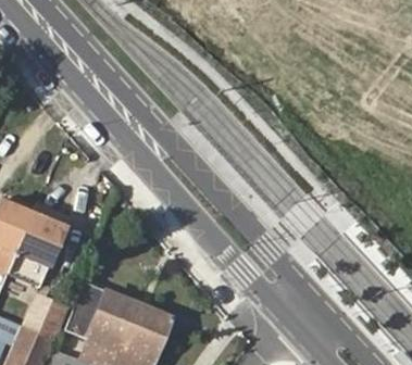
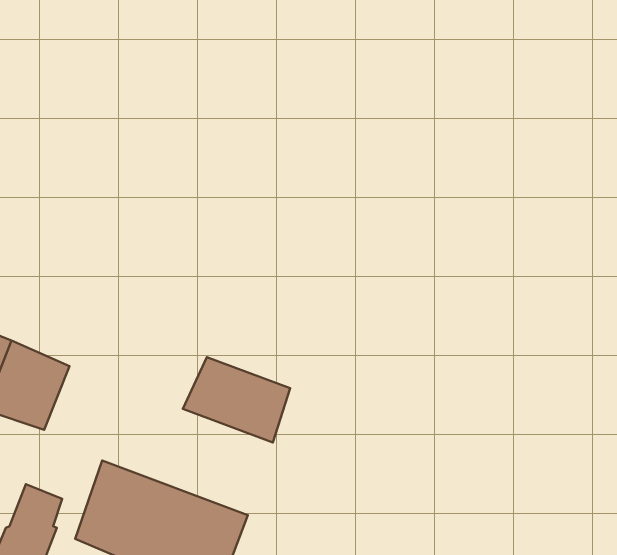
building: none -> [183,357,290,443]

